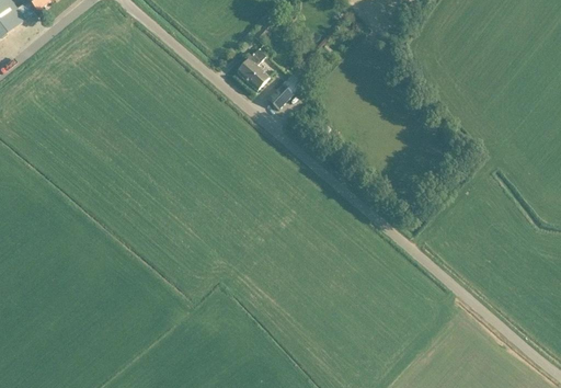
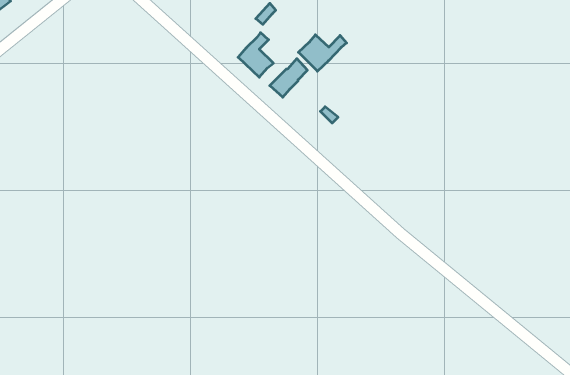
building: none -> [298,35,347,71]

